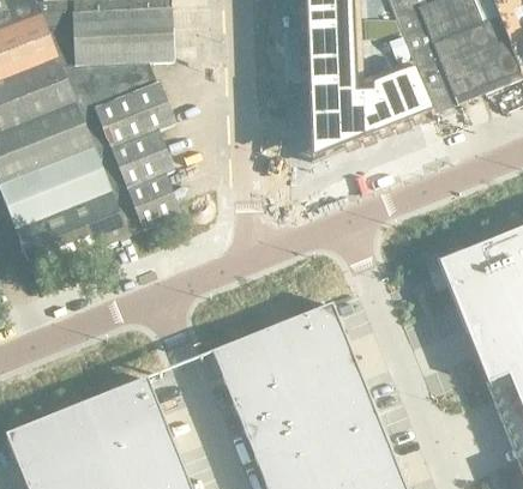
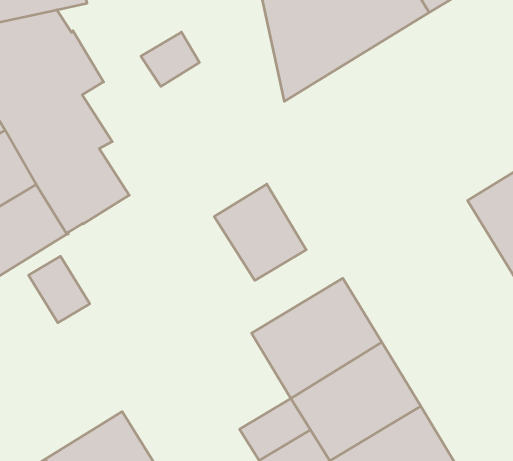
building: none -> [141,32,199,86]
building: none -> [29,256,90,323]
building: [211,332,277,404] -> [214,184,306,280]

